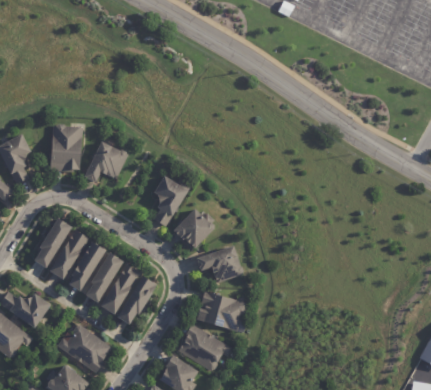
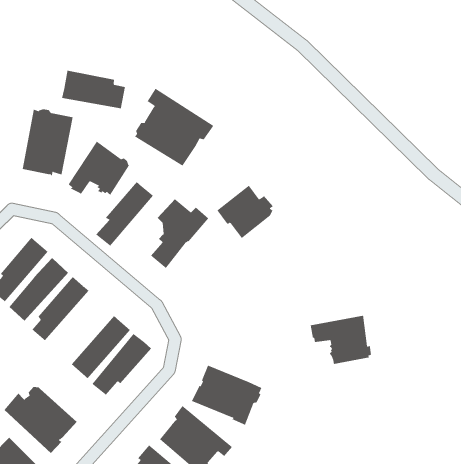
building: none -> [62,70,126,109]
building: none -> [134,88,214,167]
building: [172,208,213,248] -> [216,185,274,239]
building: [194,244,242,283] -> [310,315,372,365]
building: [89,253,127,303] -> [96,181,154,246]

